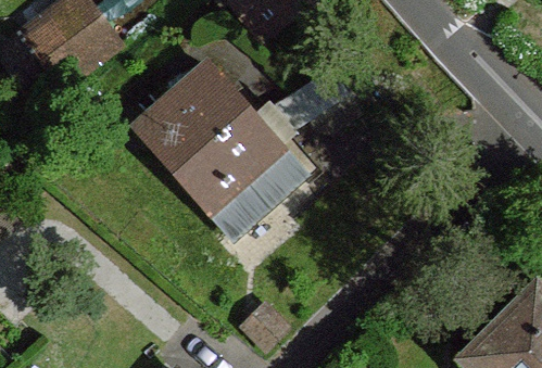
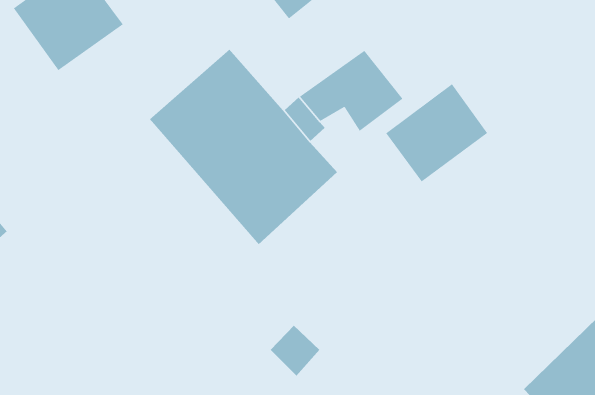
building: none -> [385,83,488,182]

